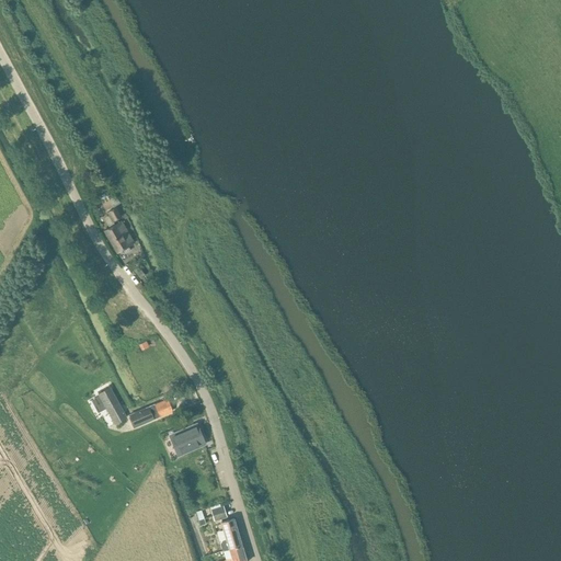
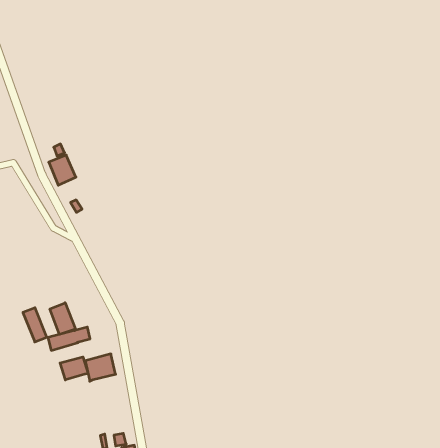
building: none -> [50,303,75,334]
building: none -> [60,357,88,380]

